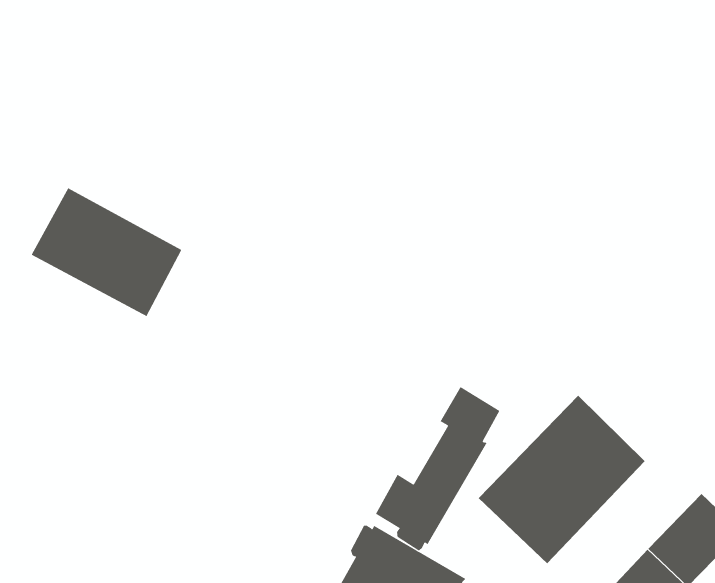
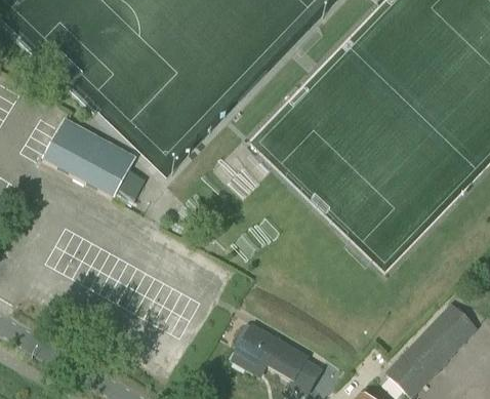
building: [375,386,500,551] -> none
building: [478,395,646,564] -> none

